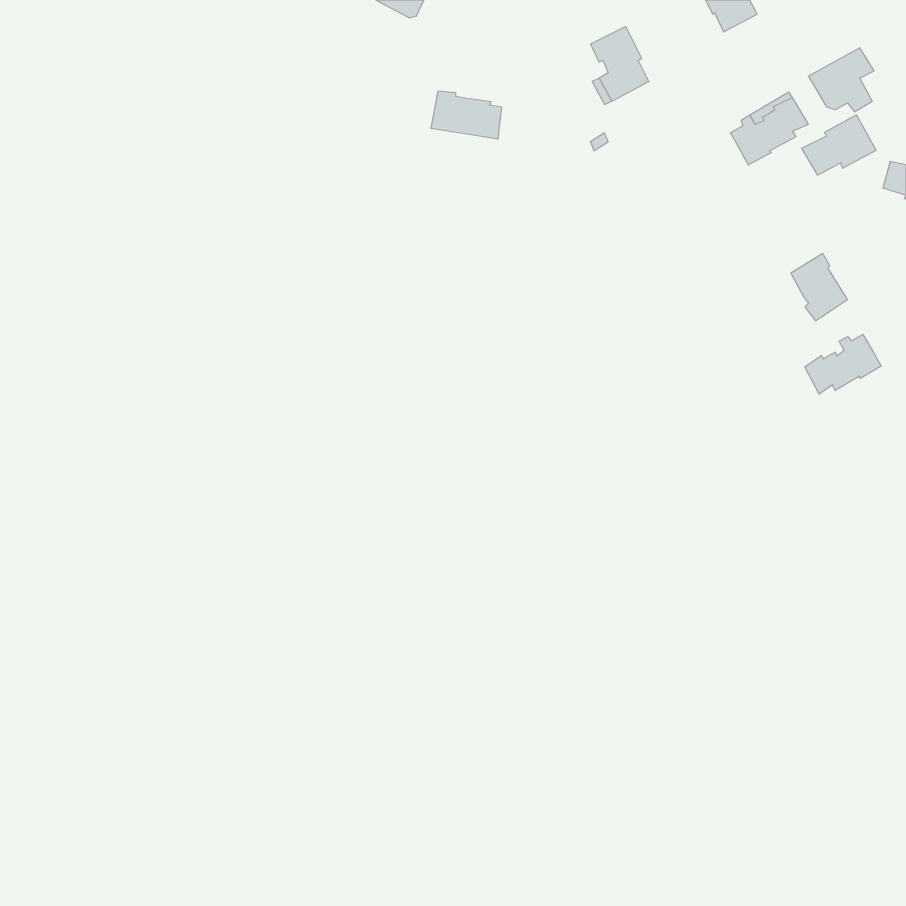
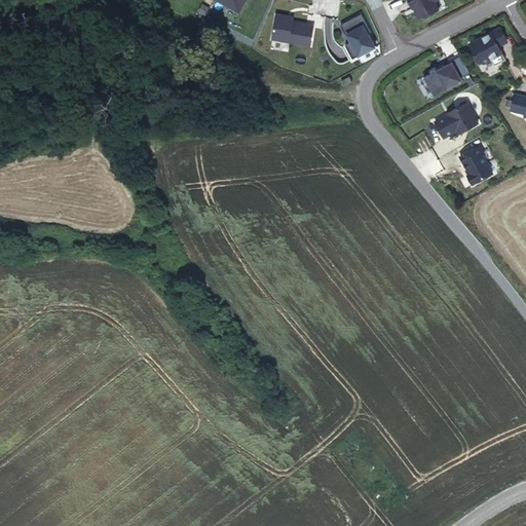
building: [431,91,502,139] -> [272,18,313,46]
building: [802,115,876,175] -> [433,103,476,138]
building: [805,334,881,394] -> none

